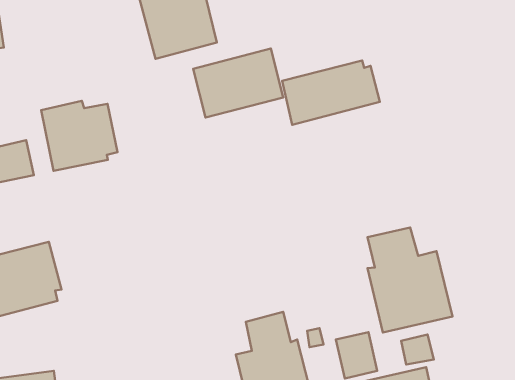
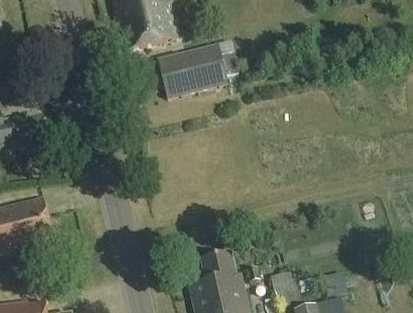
building: [282,60,380,125] -> none
building: [41,101,118,171] -> none
building: [367,228,452,333] -> none

